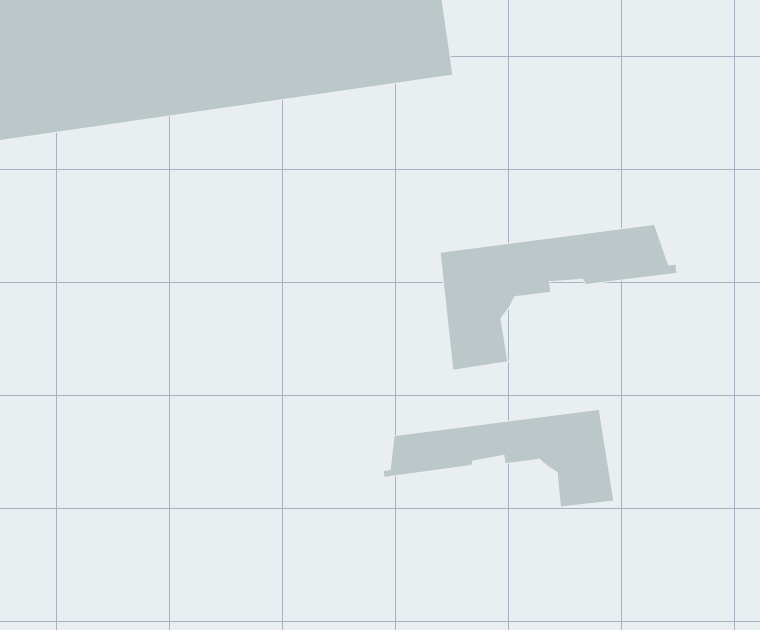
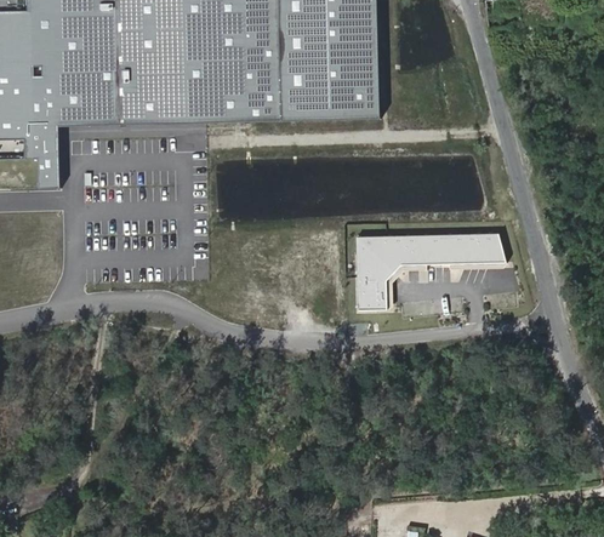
building: [383,409,614,507] -> none

